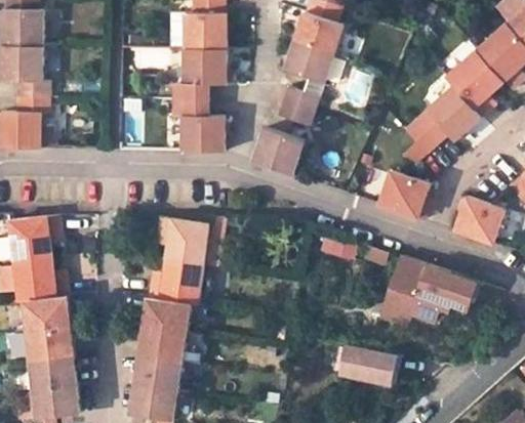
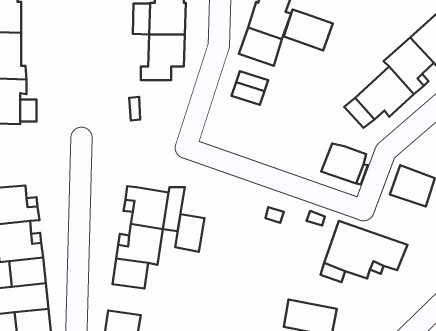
building: none -> [284,9,333,50]
building: [174,99,223,151] -> none
building: [253,129,304,174] -> none
building: none -> [175,214,205,252]
building: [138,328,179,363] -> none

